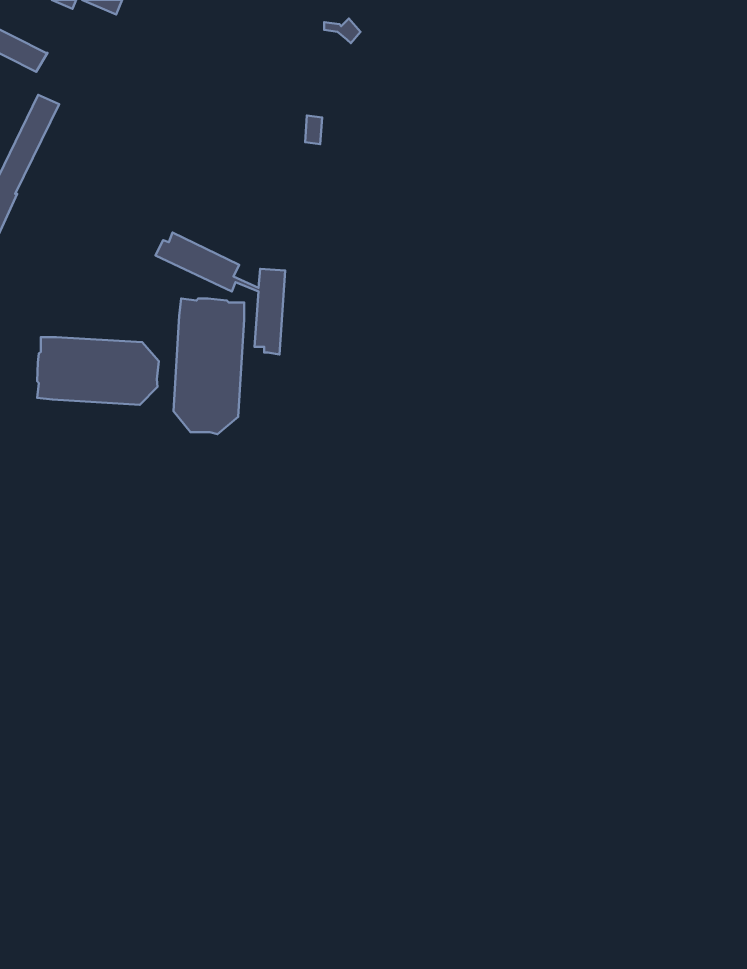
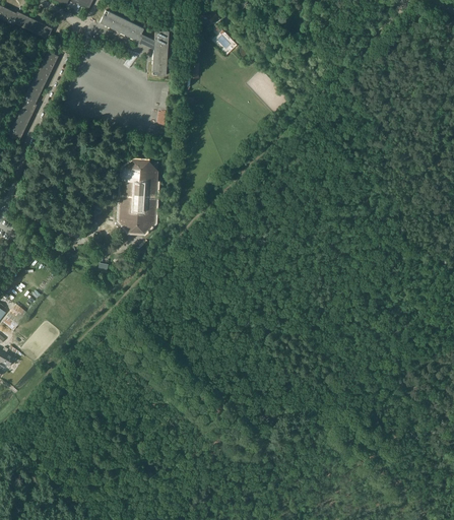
building: [155,233,285,355] -> [99,11,168,76]
building: [37,337,159,405] -> none

